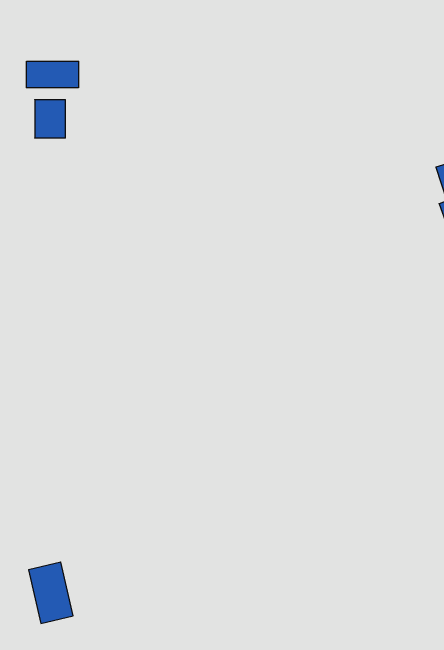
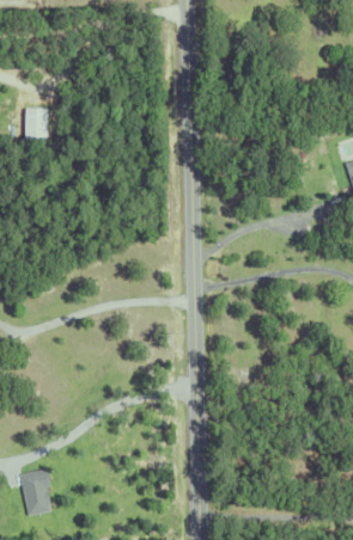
building: [26,61,79,88] -> none

